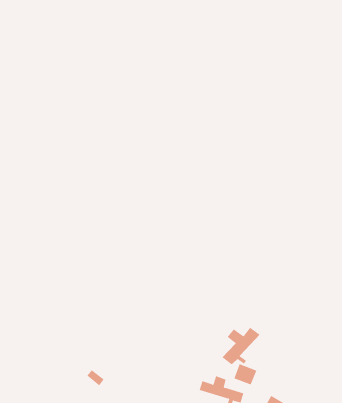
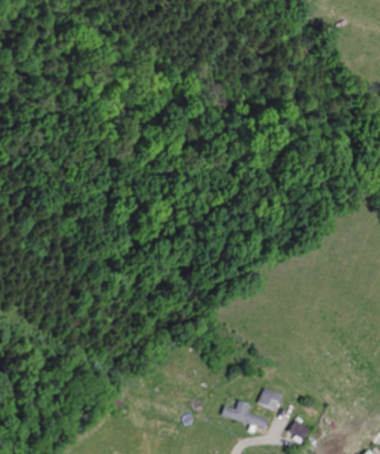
building: [221,327,261,365] -> none

